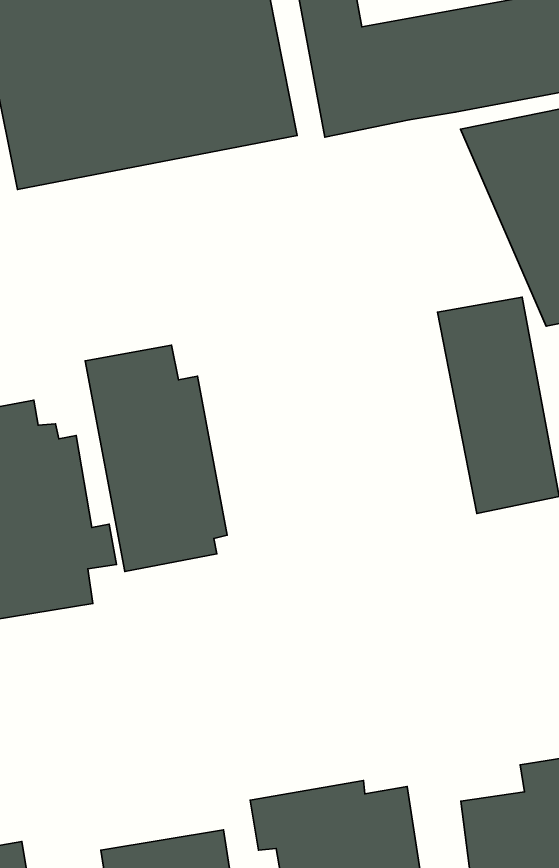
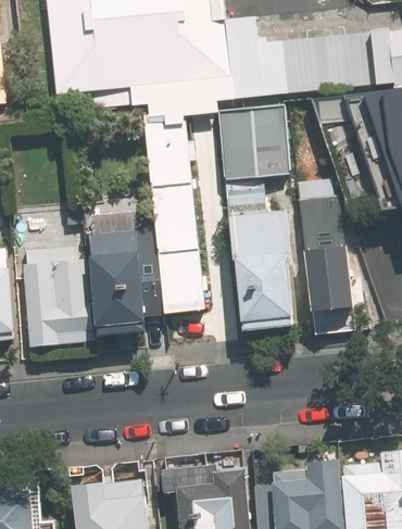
building: none -> [215,105,286,184]
building: none -> [147,116,204,313]
building: none -> [228,211,294,331]

